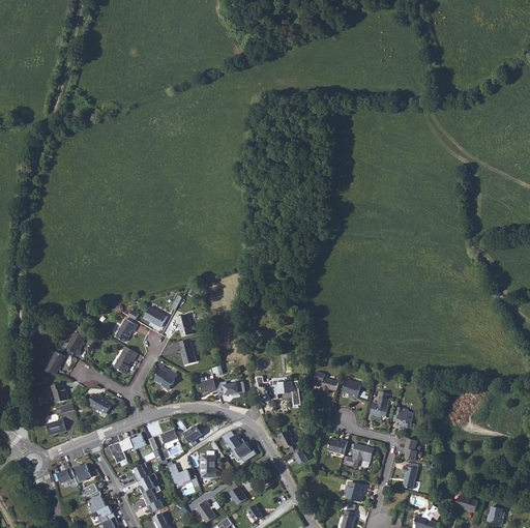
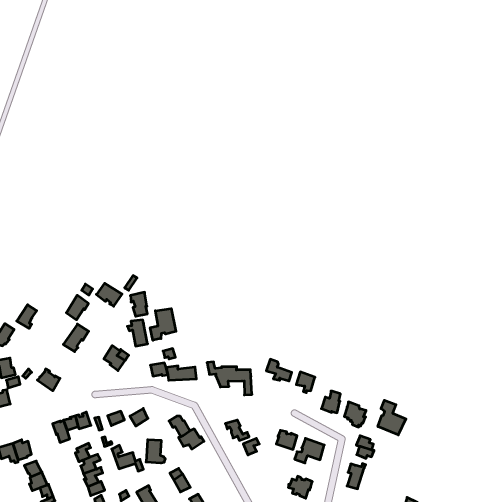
building: none -> [150,309,176,340]
building: none -> [378,400,406,435]

